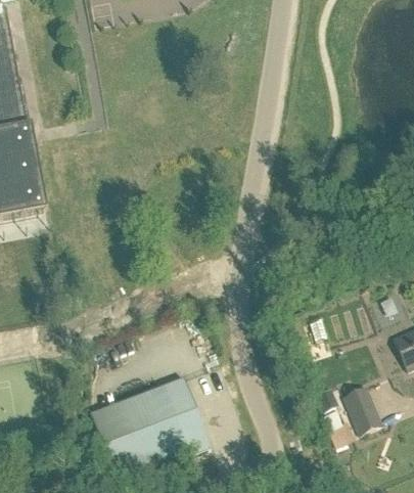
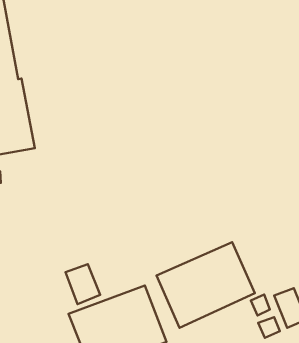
building: none -> [157,242,255,328]
building: none -> [65,264,100,304]

